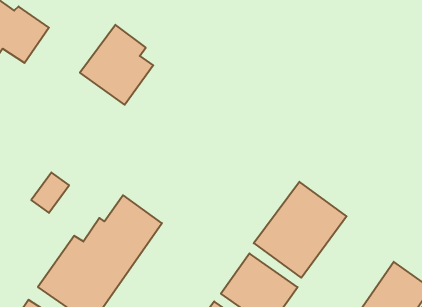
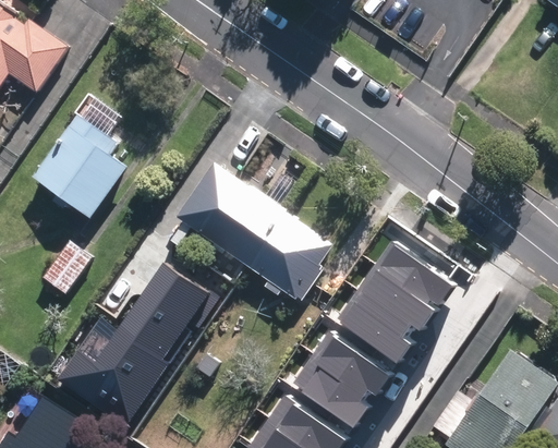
building: [80,25,153,105] -> [29,113,124,217]
building: none -> [172,160,337,301]

